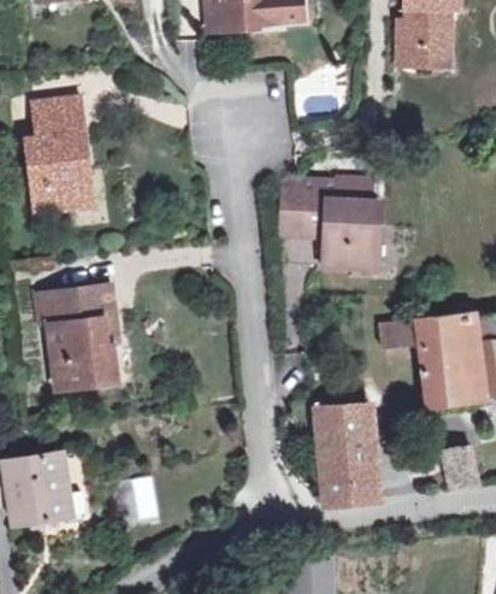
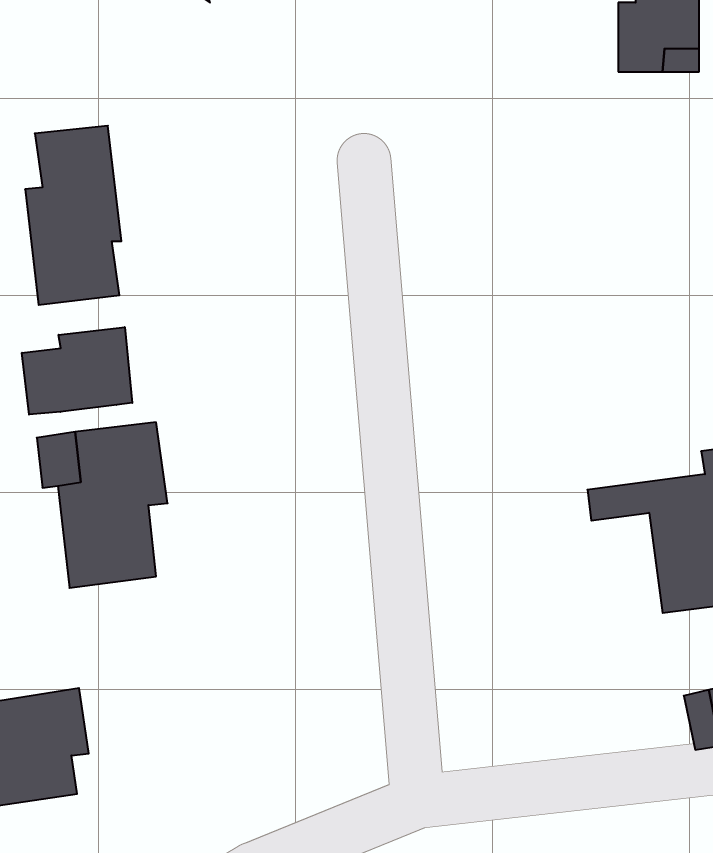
building: [281,180,378,267] -> none
building: none -> [22,327,132,415]
building: [317,405,377,505] -> none

